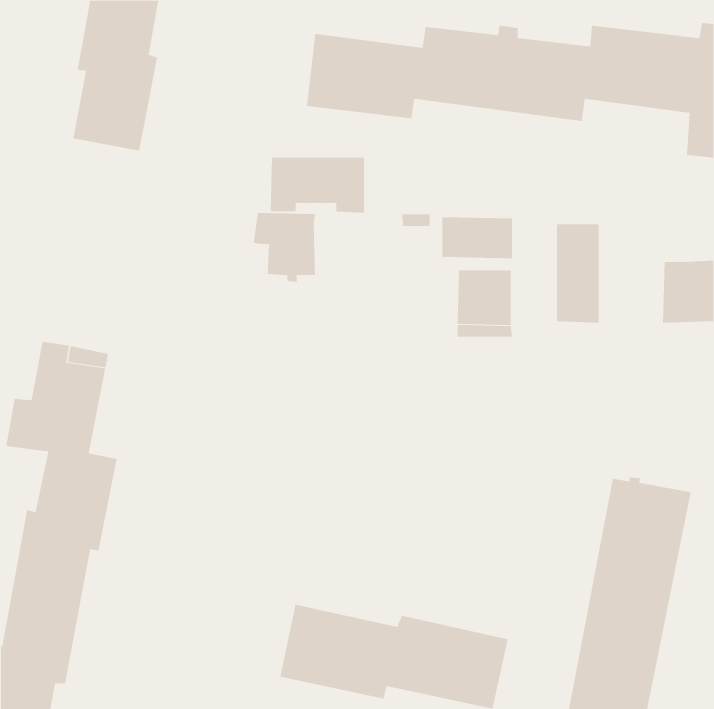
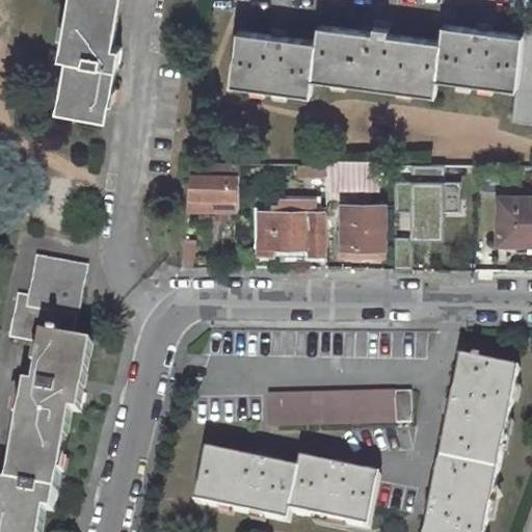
building: [270,157,365,213] -> [254,211,324,252]
building: none -> [263,394,405,426]

